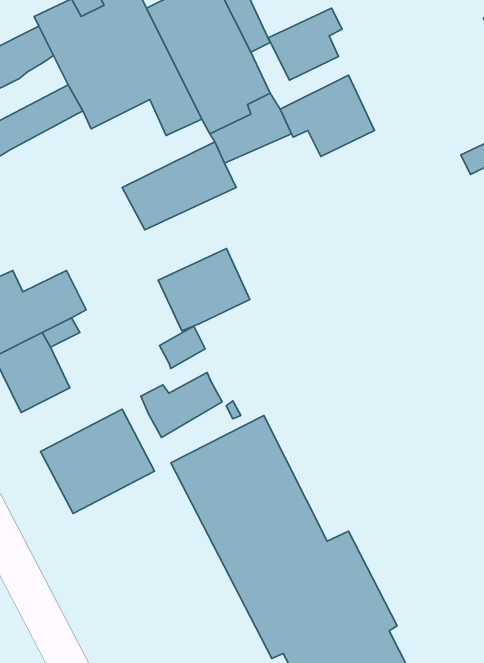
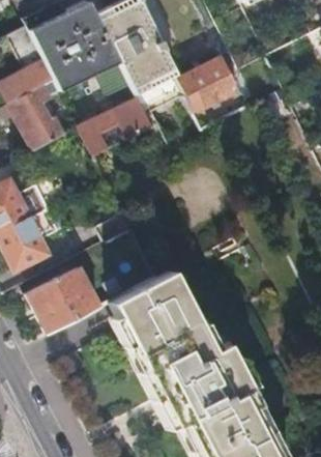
building: [268,8,342,80] -> none
building: none -> [6,78,63,149]
building: [158,249,250,331] -> none
building: [141,373,222,438] -> none

